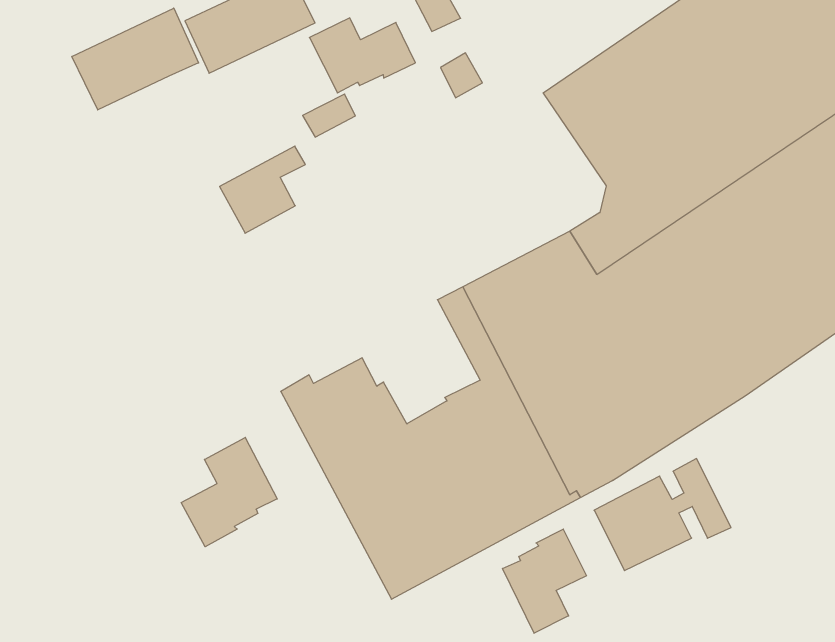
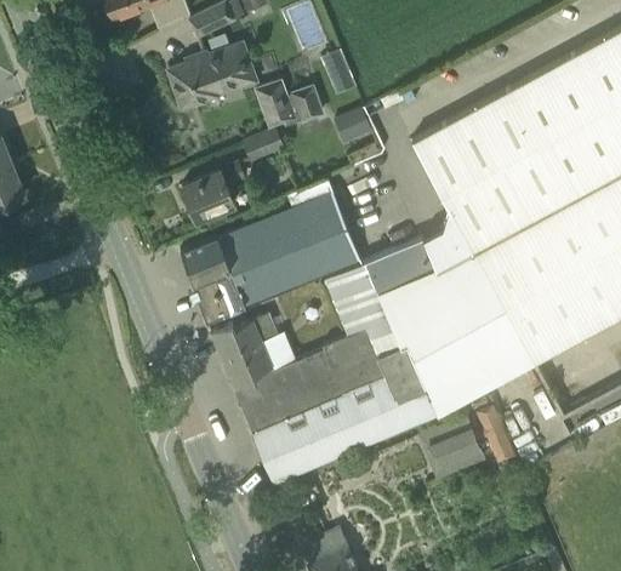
building: [72,8,199,110] -> none
building: none -> [182,193,359,321]
building: [181,437,277,547] -> none
building: [503,529,586,633] -> none

